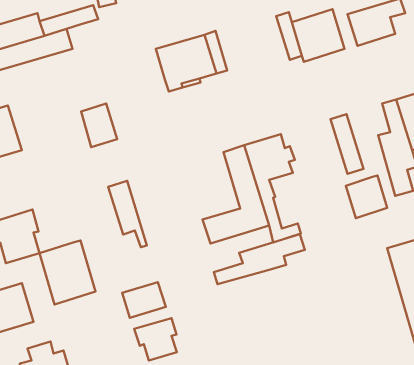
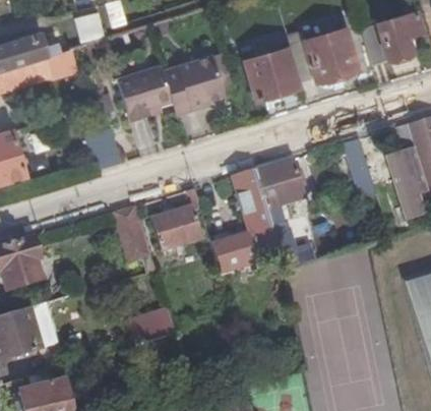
building: none -> [245,48,299,101]
building: none -> [120,64,174,121]
building: none -> [152,186,202,250]
building: [346,176,387,218] -> none
building: [214,234,305,284] -> none
building: [40,240,96,304] -> none
building: [134,318,177,361] -> none

